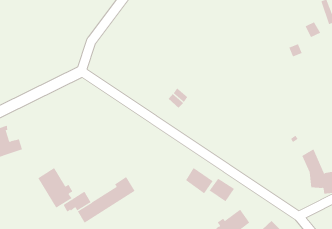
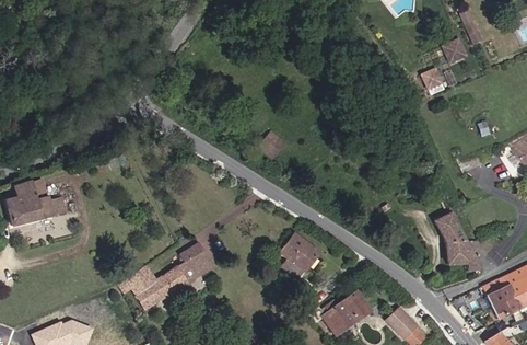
building: [37,167,73,208] -> none
building: [209,178,235,202] -> none

